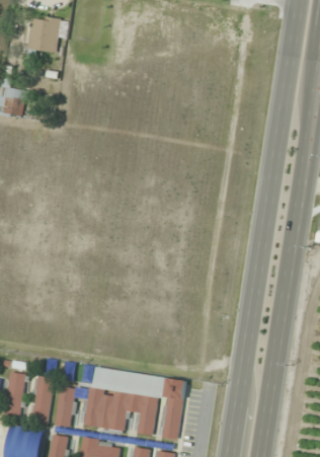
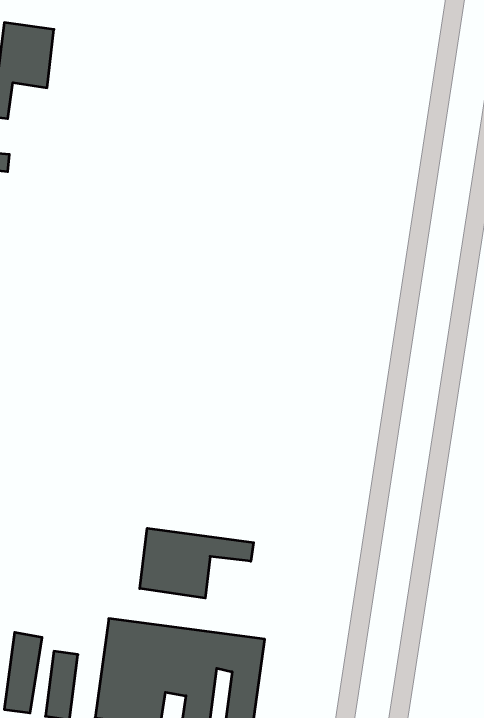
building: none -> [140,528,254,598]

